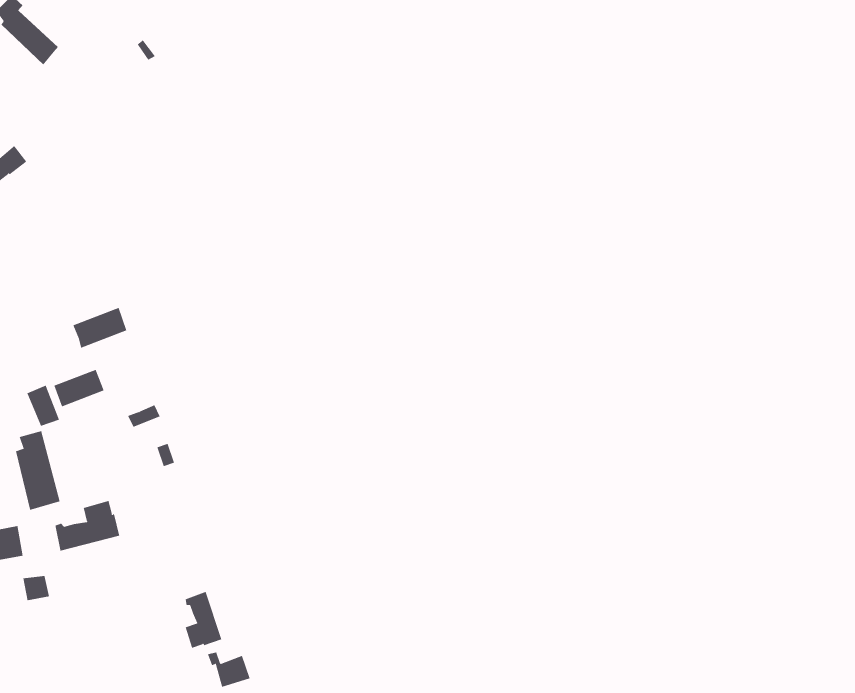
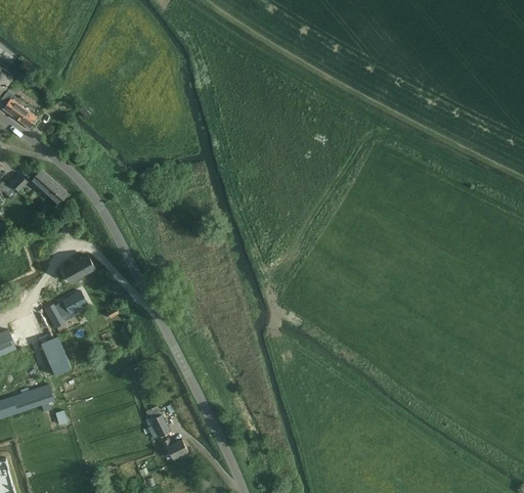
building: none -> [29,170,67,204]
building: [55,500,120,552] -> none

